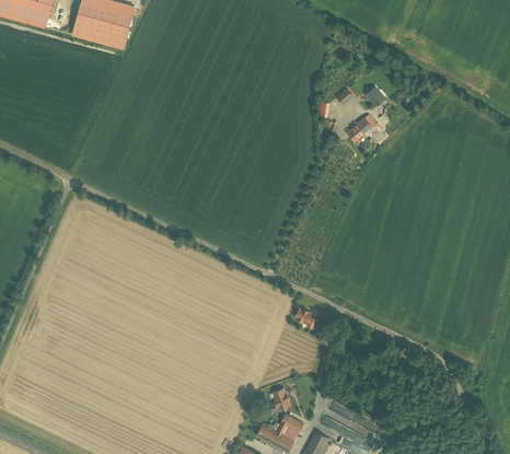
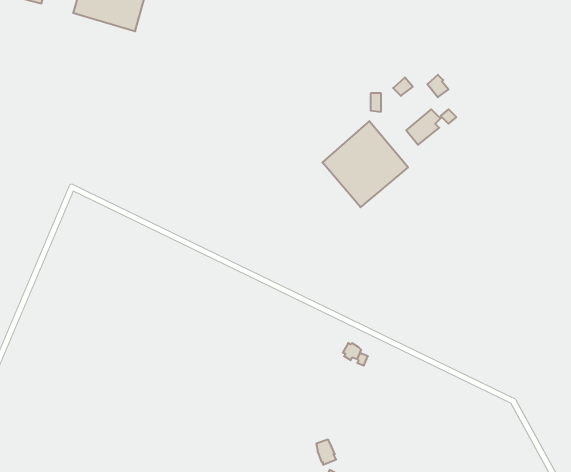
building: none -> [322,121,408,207]

